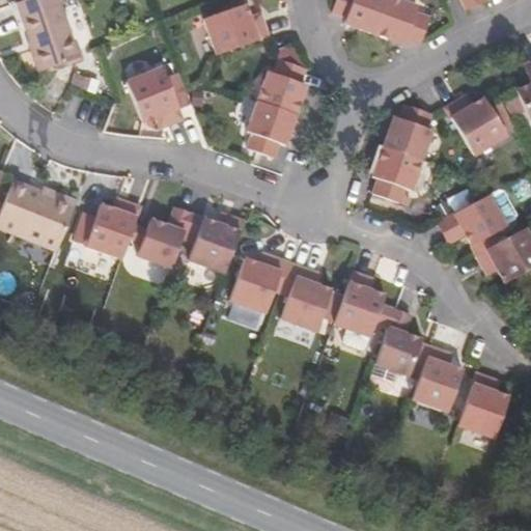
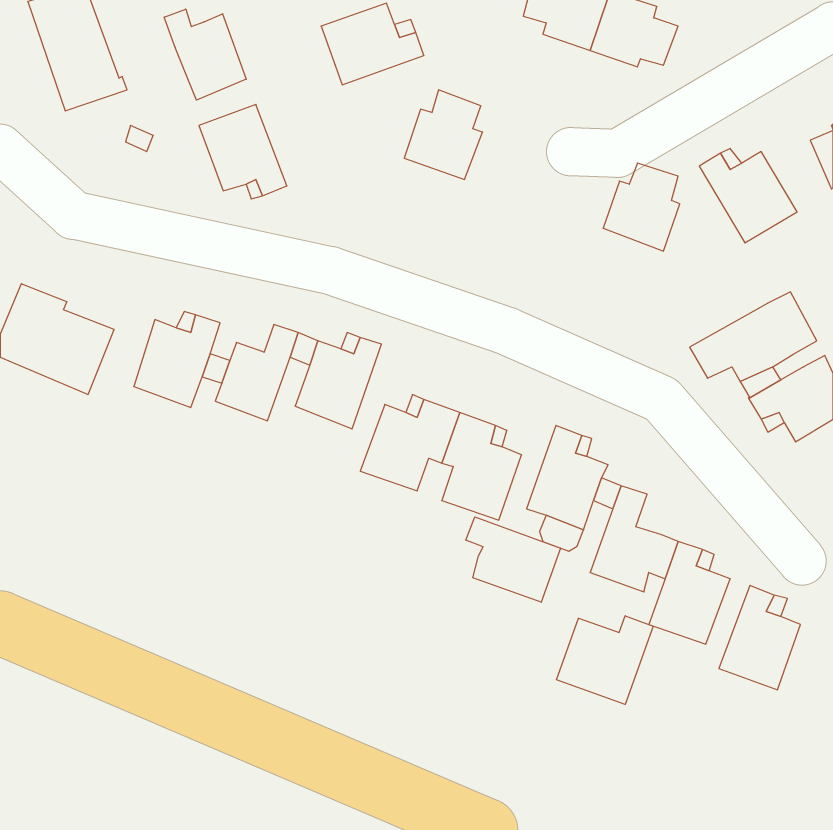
building: none -> [164,9,246,100]
building: [247,101,296,158] -> none
building: [372,145,422,202] -> none
building: none -> [466,517,561,602]
building: none -> [556,616,653,704]

